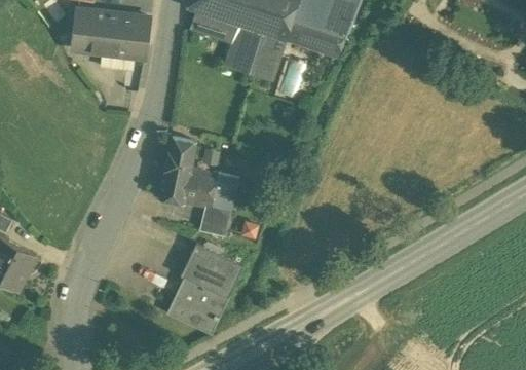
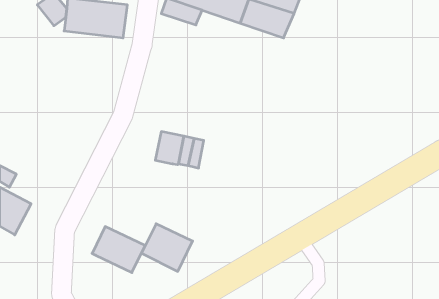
building: [224,25,285,80] -> none
building: [160,137,196,204] -> none
building: [199,207,231,237] -> none
building: [181,244,243,298] -> [92,227,145,273]

